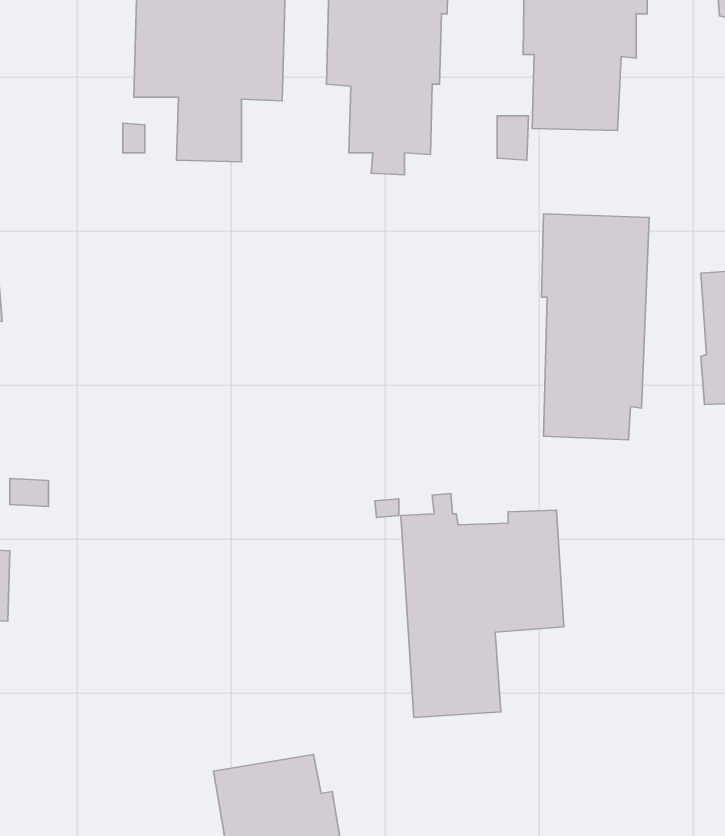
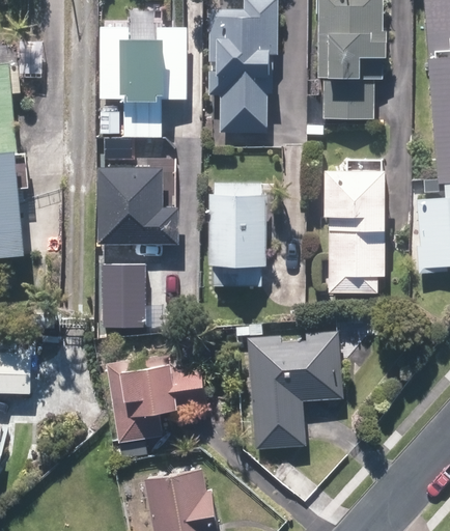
building: none -> [99,168,177,245]
building: none -> [208,181,265,286]
building: none -> [118,268,160,306]
building: none -> [108,356,205,442]

